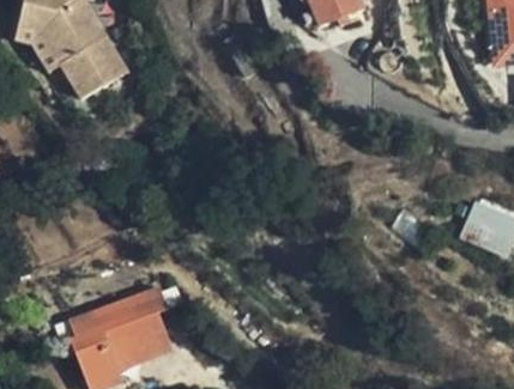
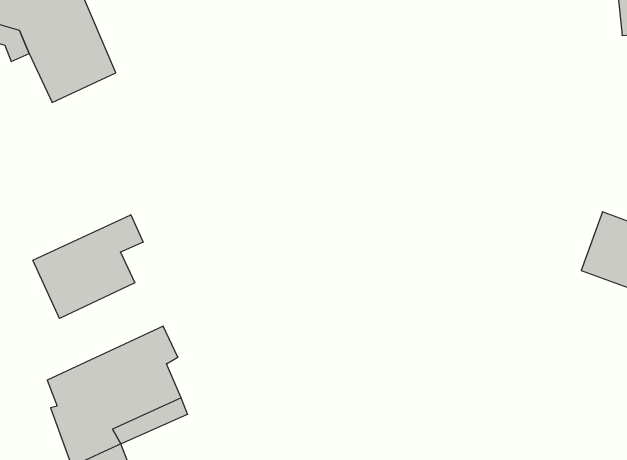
building: none -> [33,215,143,318]

